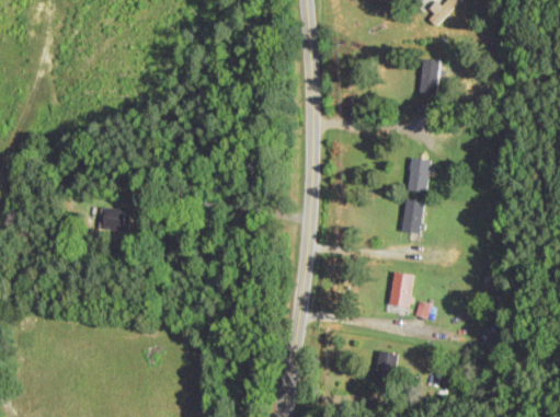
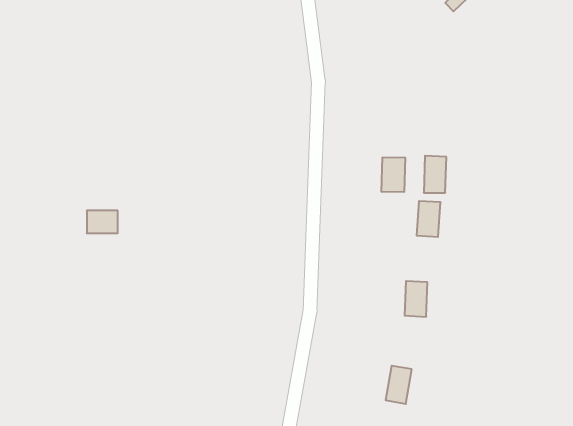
building: [421,59,438,94] -> none
building: none -> [382,157,405,192]

